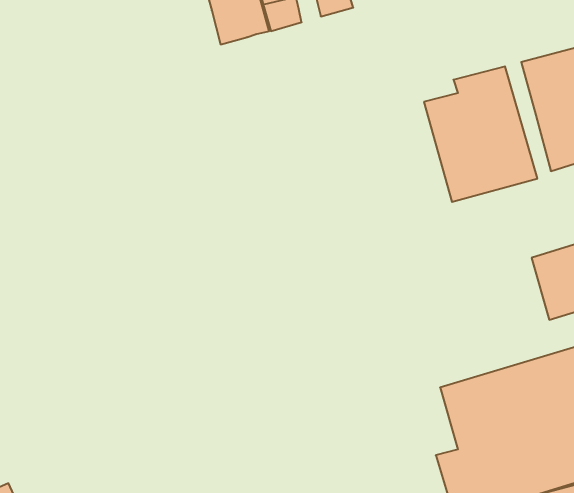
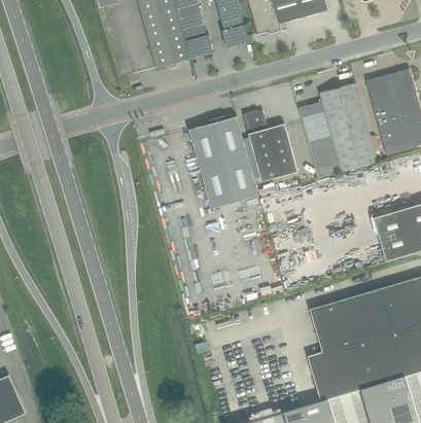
building: none -> [243,110,297,182]
building: none -> [189,116,258,209]

